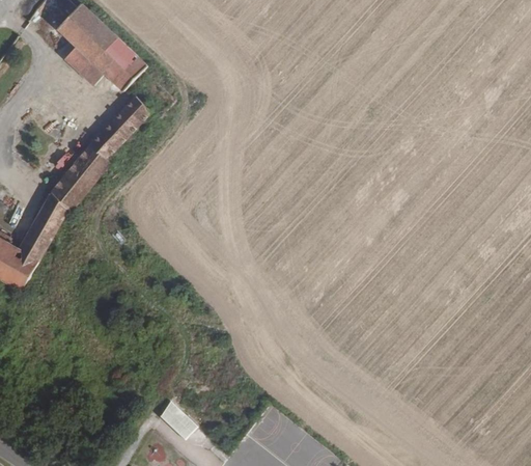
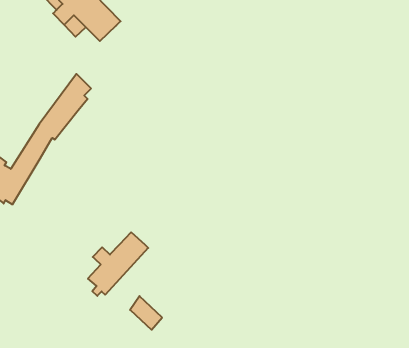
building: [95,95,148,150] -> none
building: none -> [88,232,148,296]

